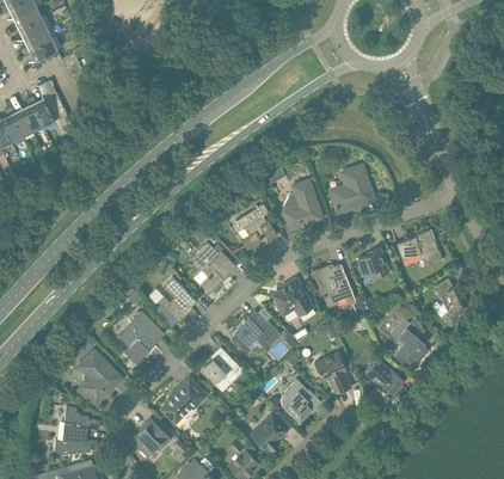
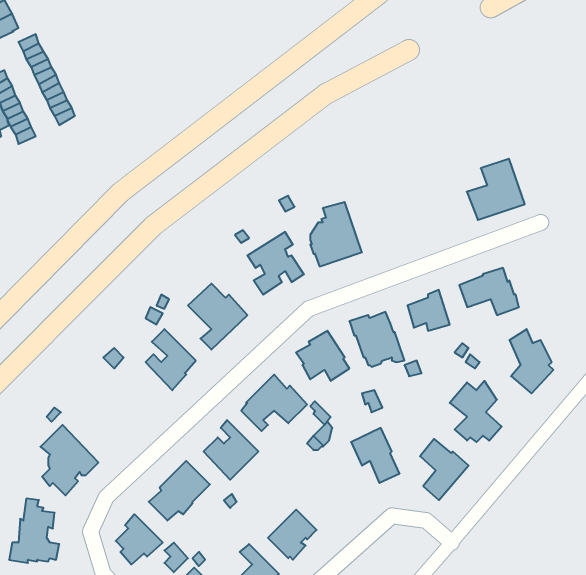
building: [330,166,374,213] -> [467,159,525,220]
building: [118,311,164,364] -> none
building: [281,379,313,422] -> none

